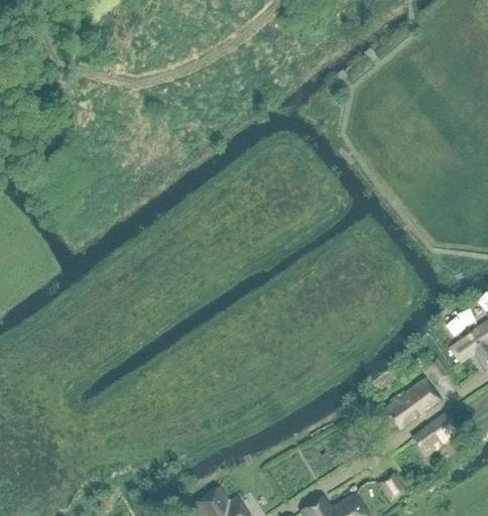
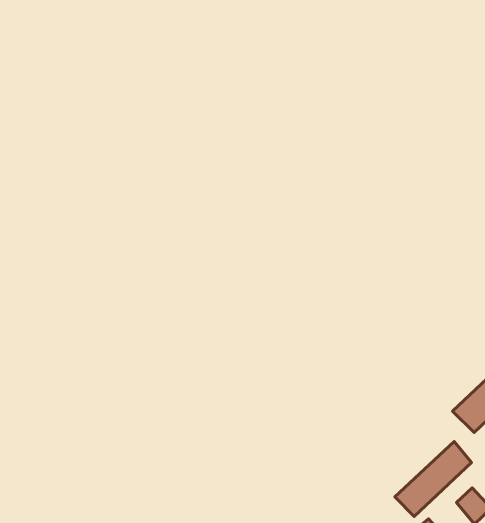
building: none -> [395,441,472,516]

